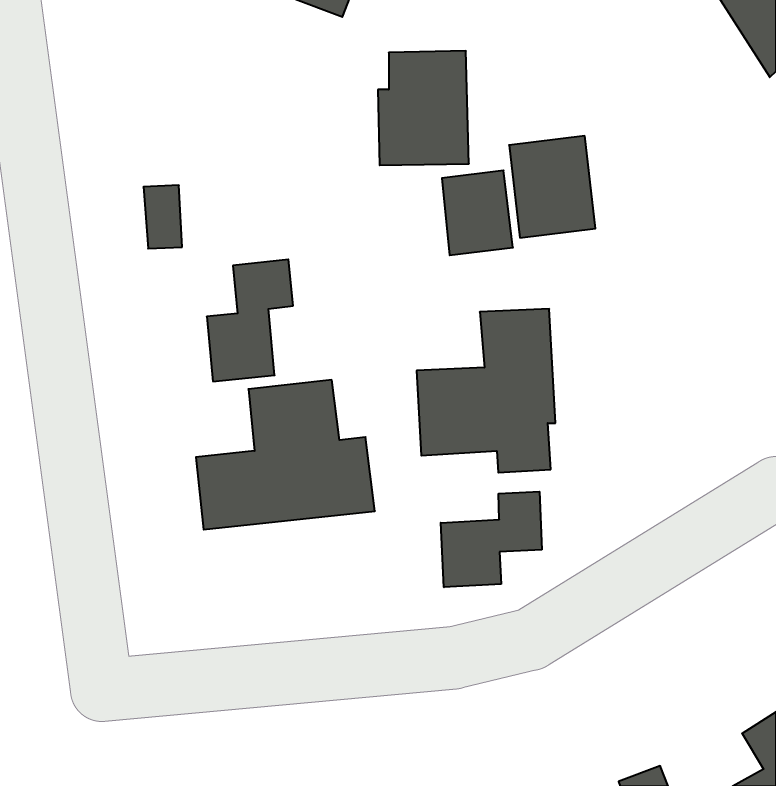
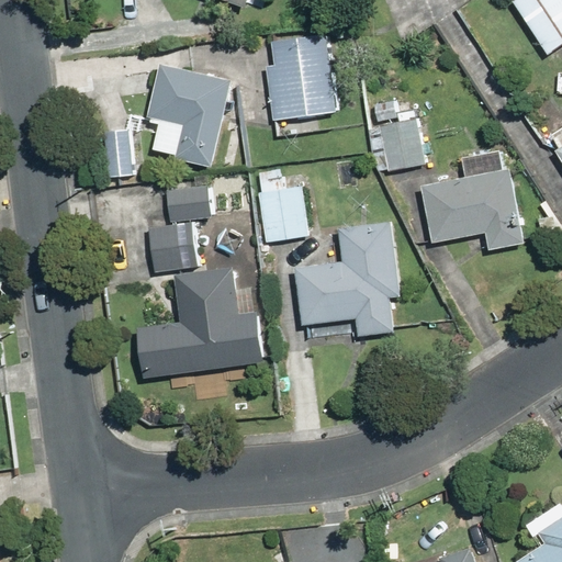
building: none -> [148,65,235,166]
building: [442,170,513,255] -> [258,181,308,241]
building: none -> [424,145,521,248]
building: [441,492,542,587] -> none

